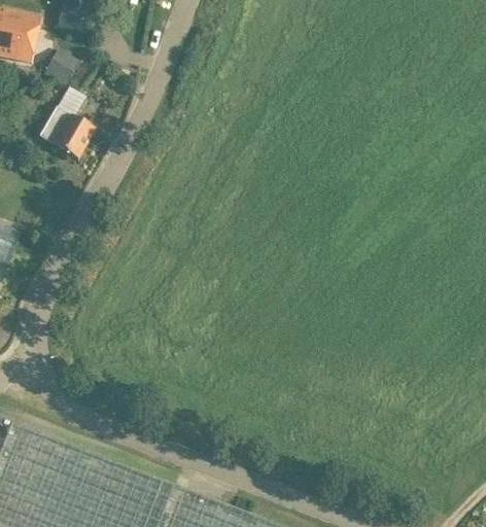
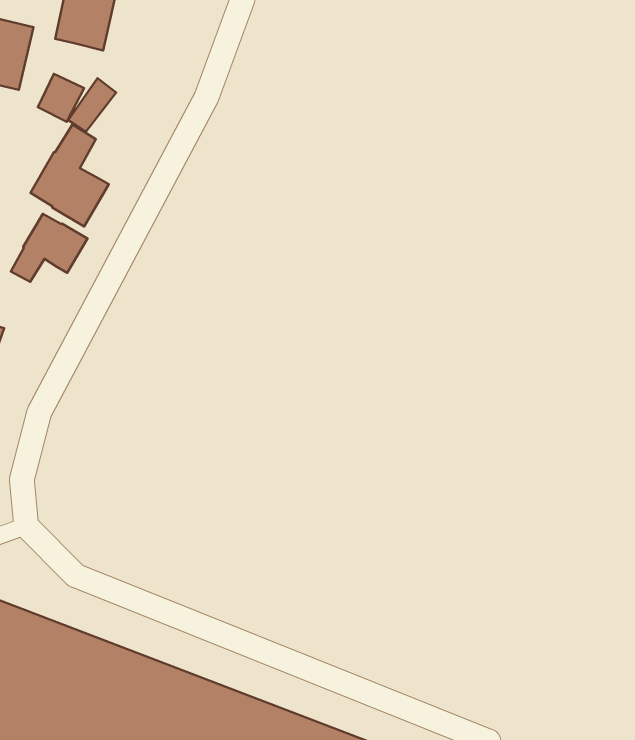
building: none -> [11,214,87,282]

